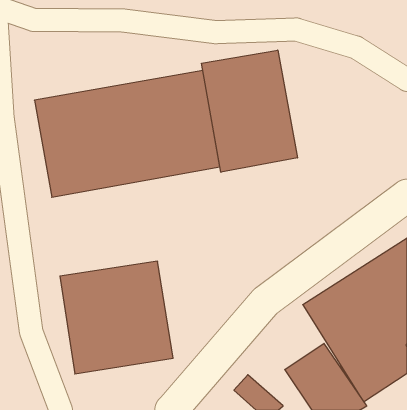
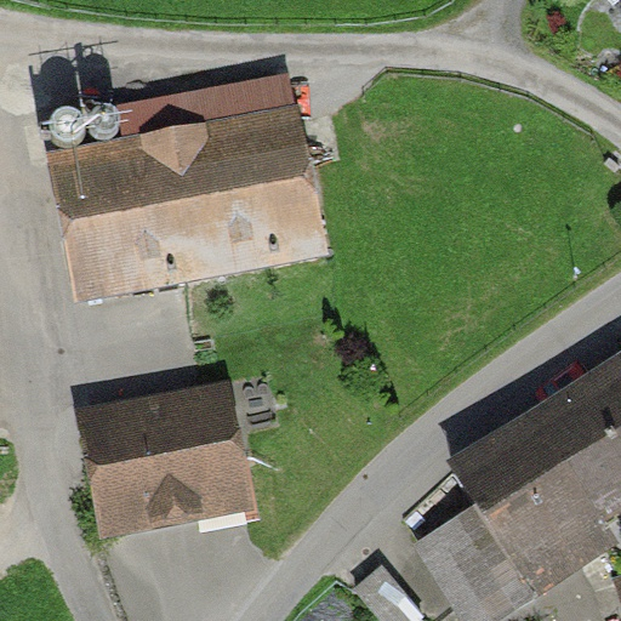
building: [202,50,297,172] -> none

